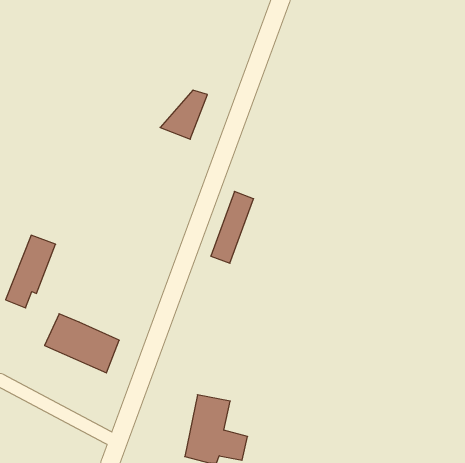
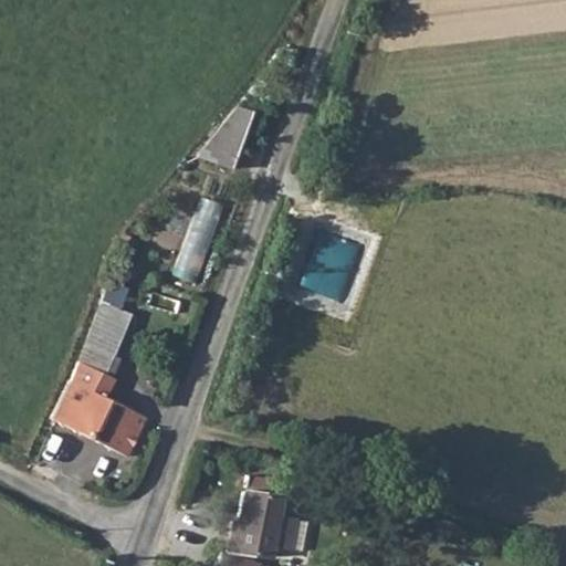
building: [211,191,254,263] -> [176,193,228,281]
building: [6,235,56,308] -> [72,303,133,391]

